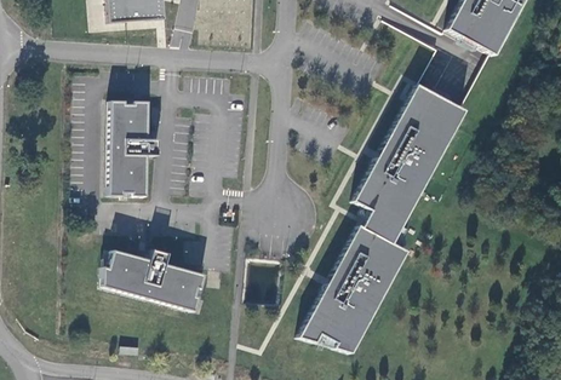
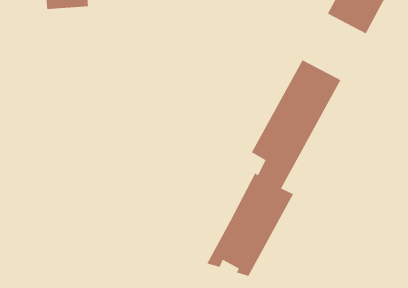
building: [109,99,160,195] -> none
building: [104,248,207,310] -> none

